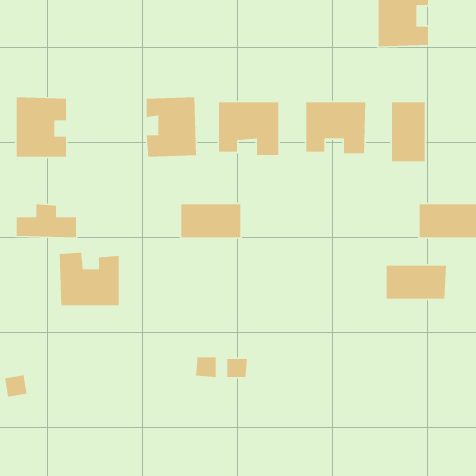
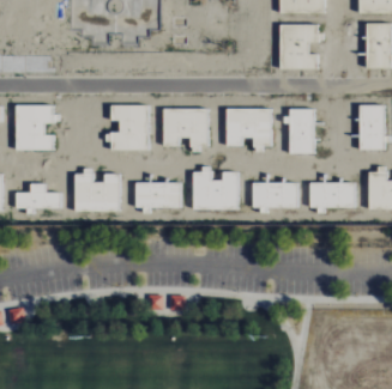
building: none -> [193,172,237,209]
building: [59,252,120,306] -> [74,171,119,211]
building: [386,265,447,300] -> [253,183,297,208]

